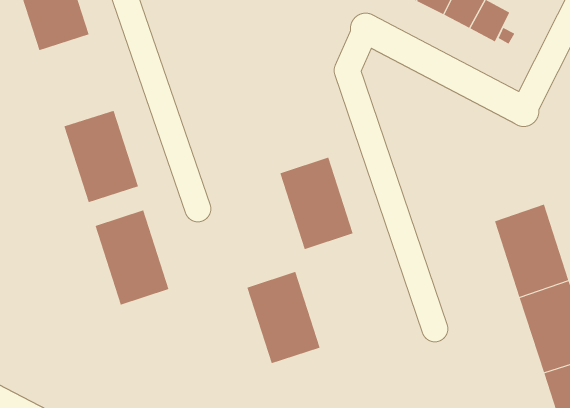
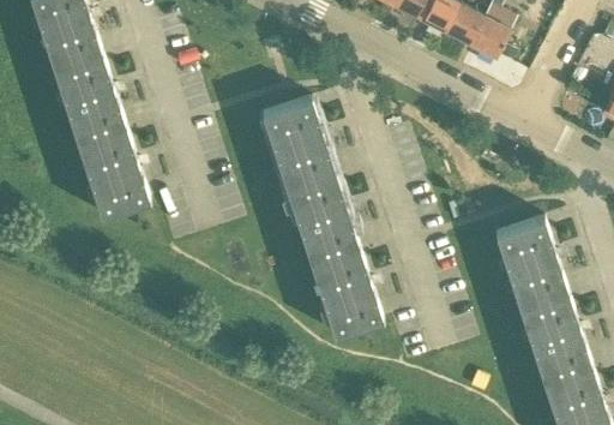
building: none -> [52,52,125,140]
building: none -> [261,96,333,186]
building: [95,210,169,306] -> none
building: [246,271,320,364] -> [309,245,381,335]

